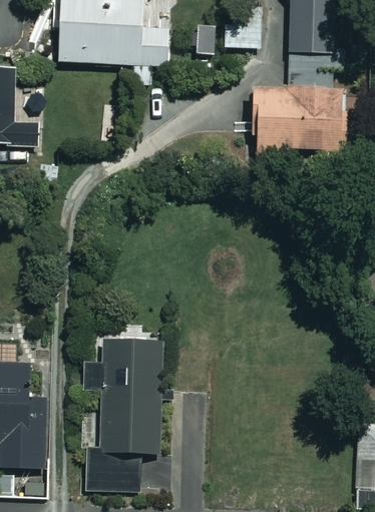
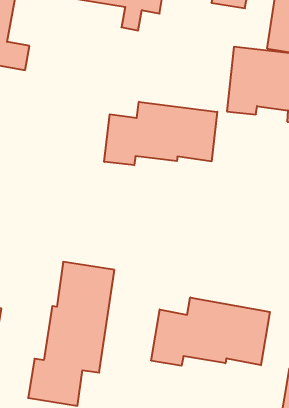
building: none -> [104,102,217,165]
building: none -> [151,297,270,366]

